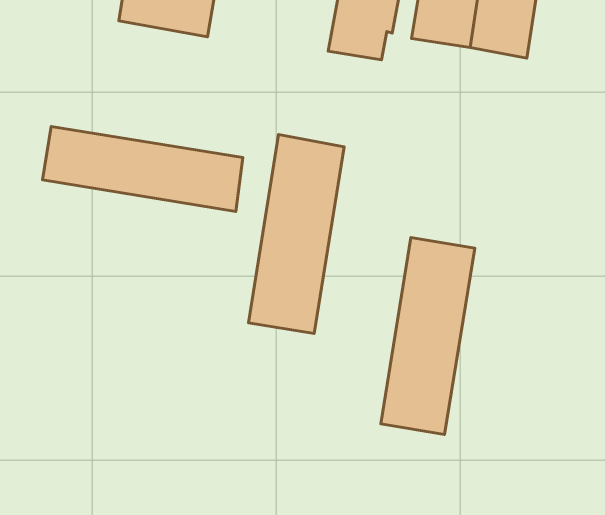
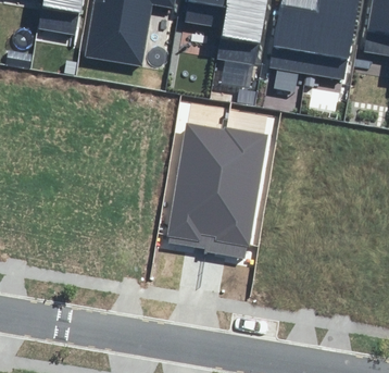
building: [43,126,243,211] -> none
building: [381,237,475,434] -> [209,128,266,249]

